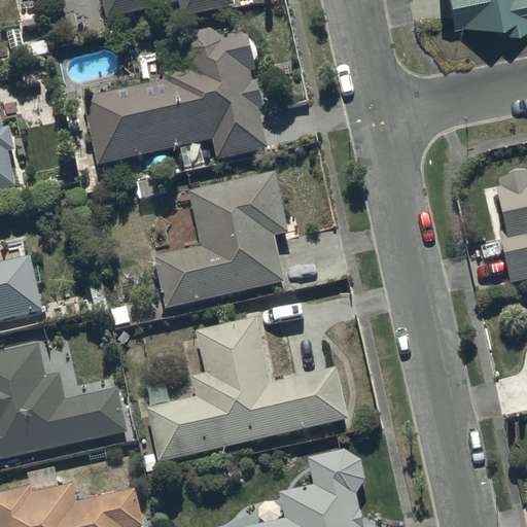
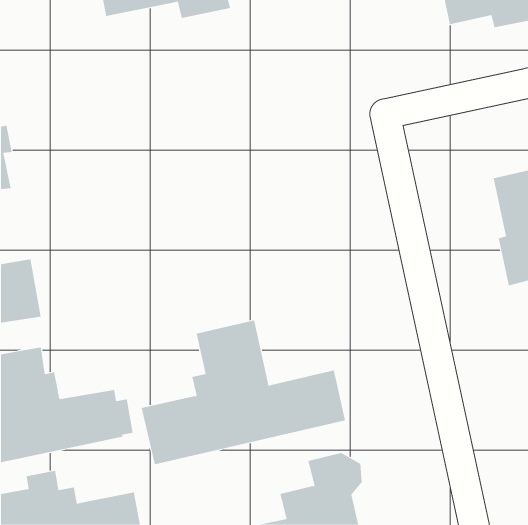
building: [79,30,264,164] -> none
building: [152,175,287,308] -> none

